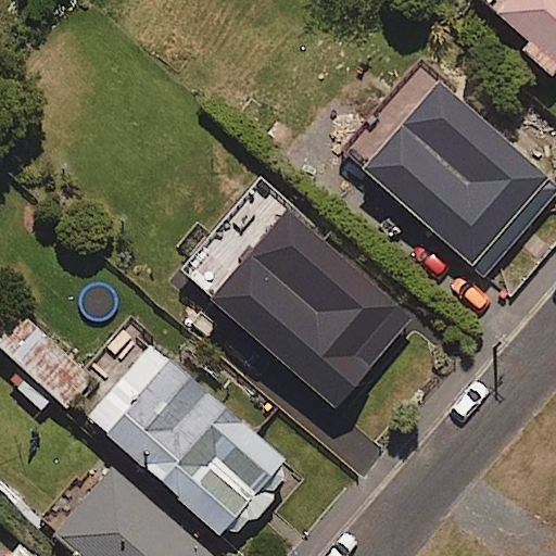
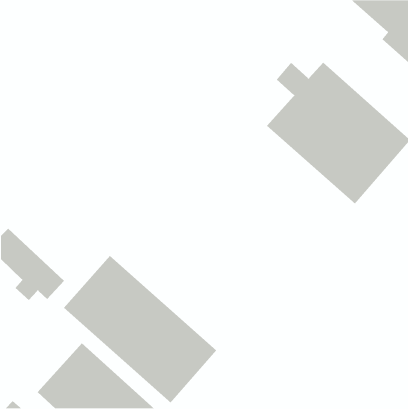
building: [201,201,413,408] -> none

